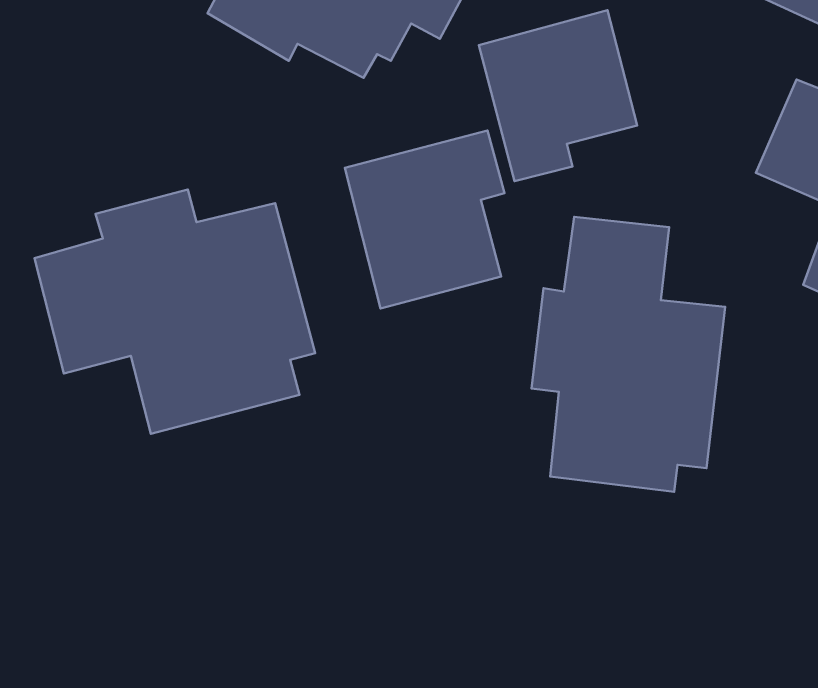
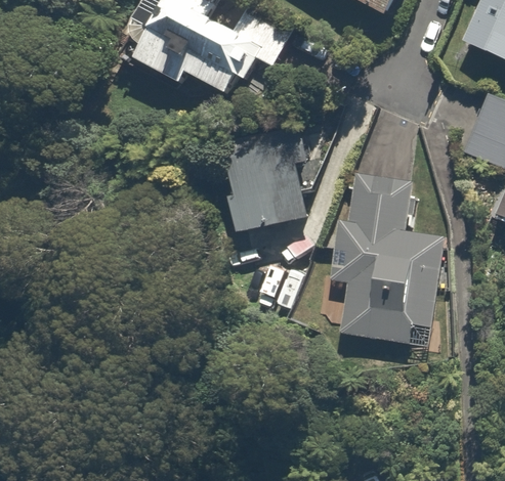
building: [479,10,637,181] -> none
building: [34,189,315,434] -> none

